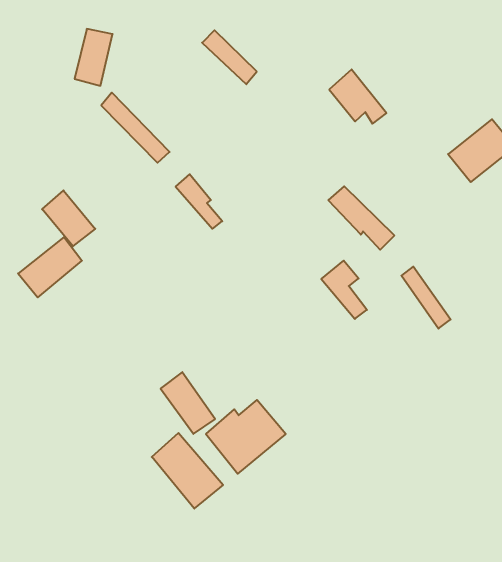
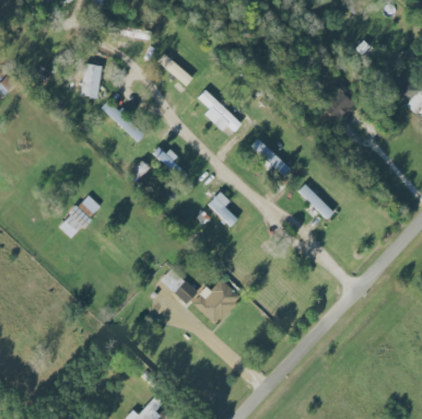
building: [329,69,386,124] -> [203,100,241,131]
building: [42,190,95,246] -> none
building: [321,261,367,319] -> [207,190,237,225]
building: [152,433,223,509] -> none

